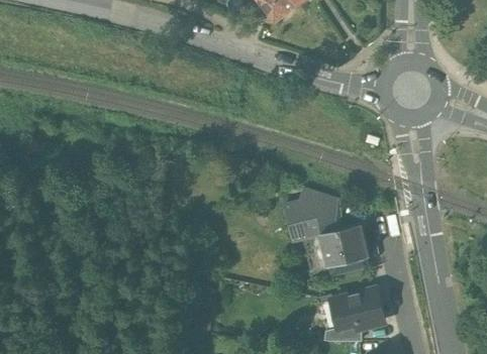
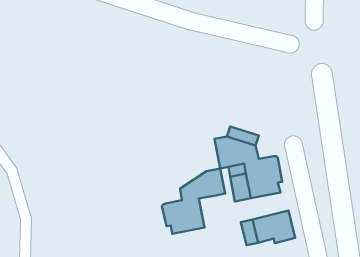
building: none -> [162,169,225,234]
building: [323,326,362,344] -> none

